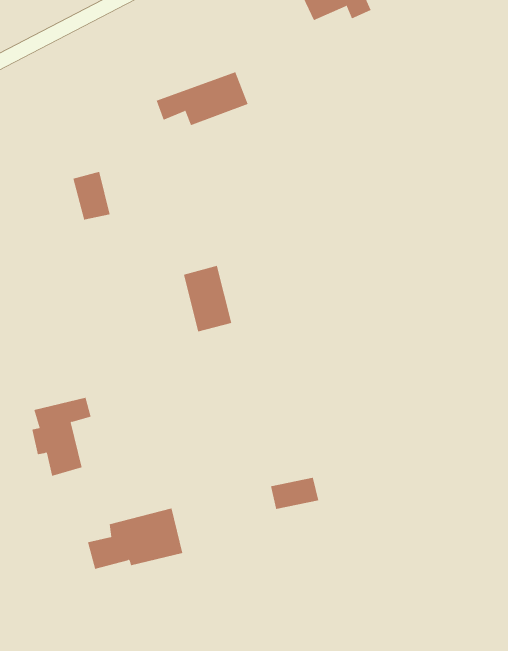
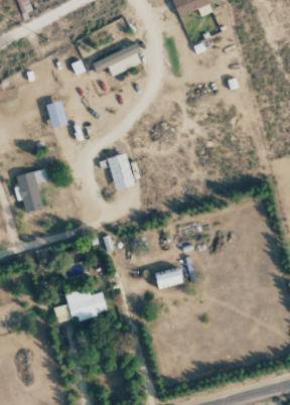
building: [32,397,91,477] -> [15,168,48,213]

